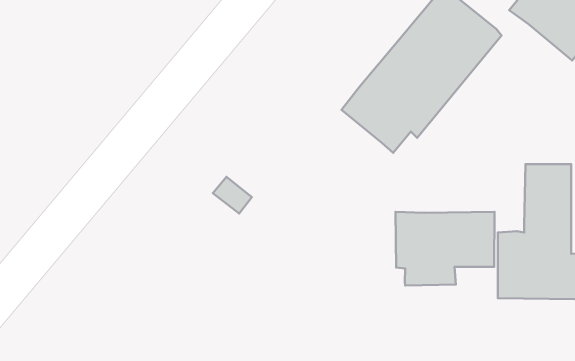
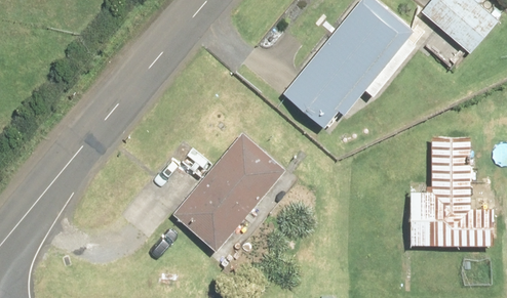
building: none -> [171,132,286,252]
building: [396,212,495,285] -> none

